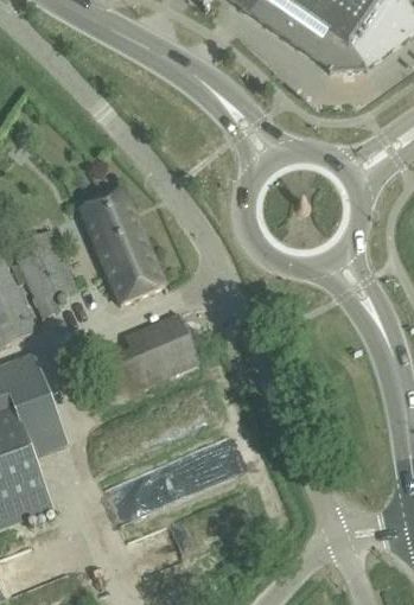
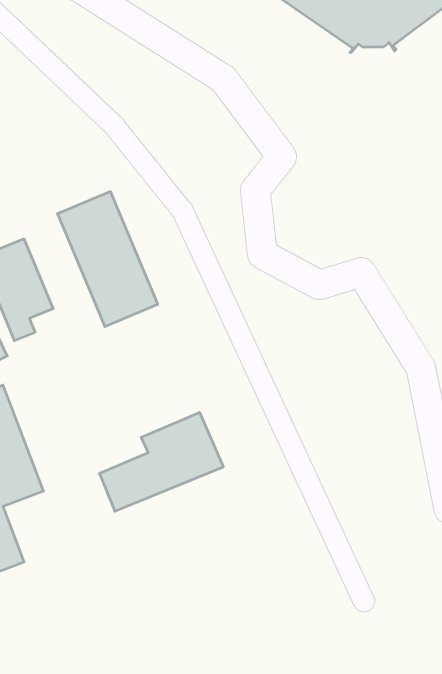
building: [93,316,198,400] -> [99,412,223,511]

